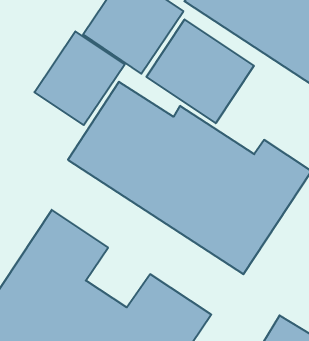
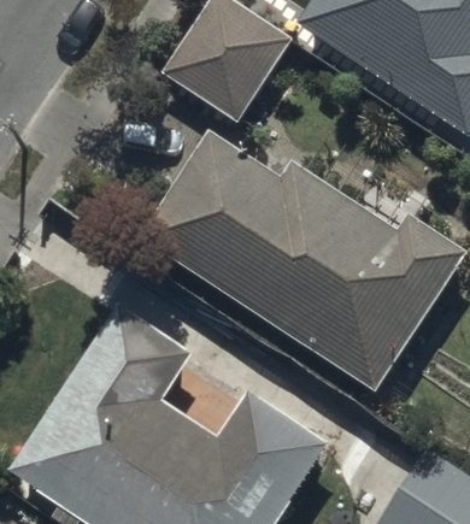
building: [146,19,254,123] -> none
building: [34,31,125,125] -> none

